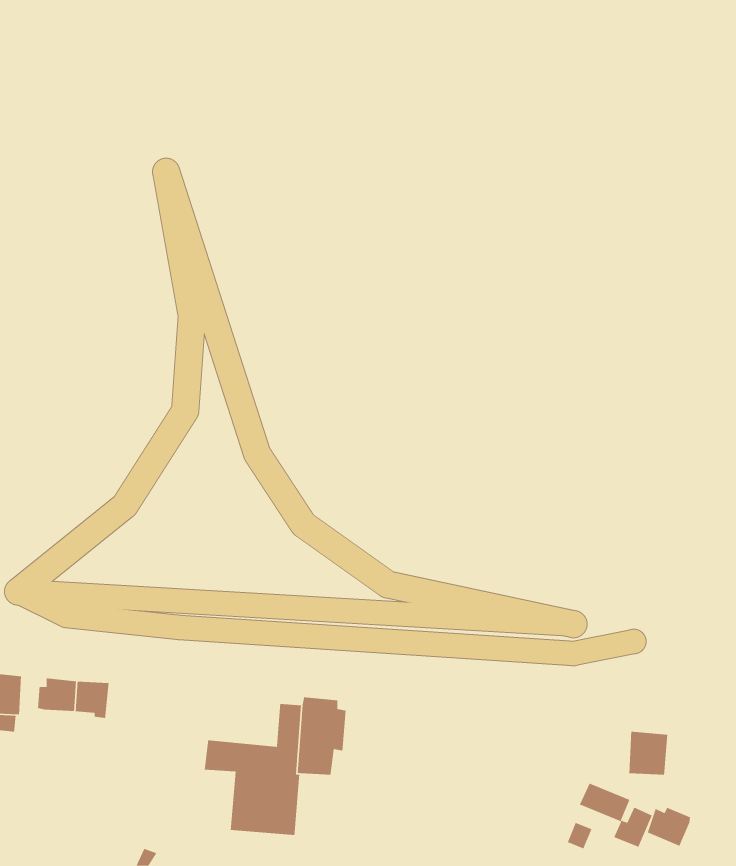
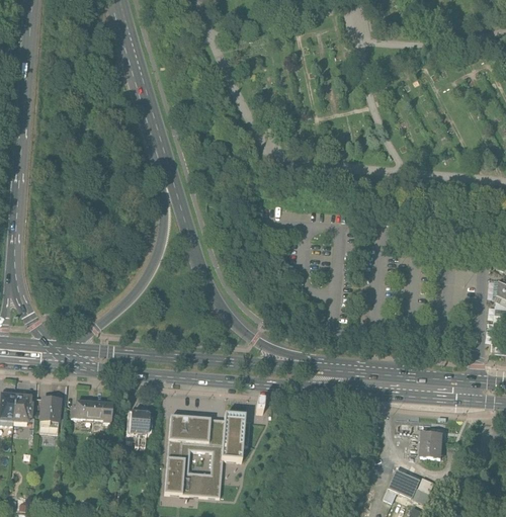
building: none -> [125,411,149,436]
building: none -> [171,413,214,441]
building: none -> [167,455,187,491]
building: [647,807,691,847] -> none

